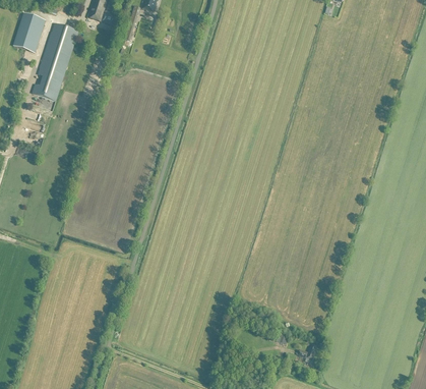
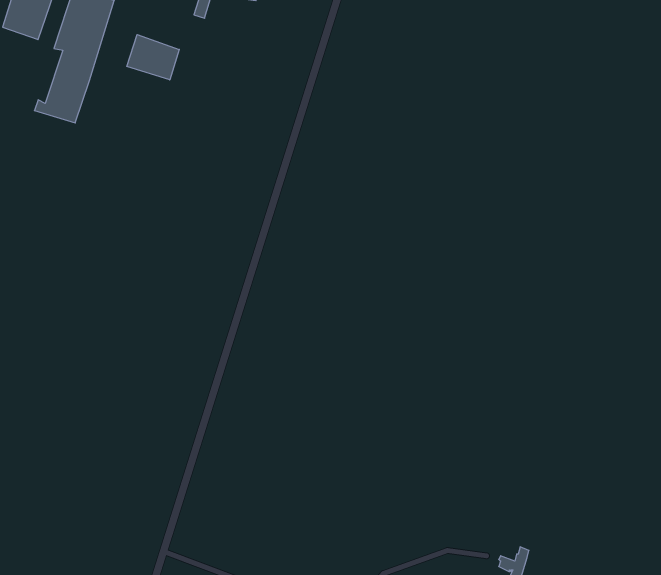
building: none -> [127,35,179,80]

